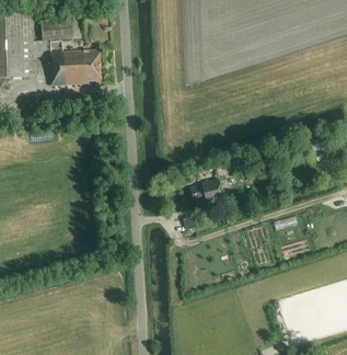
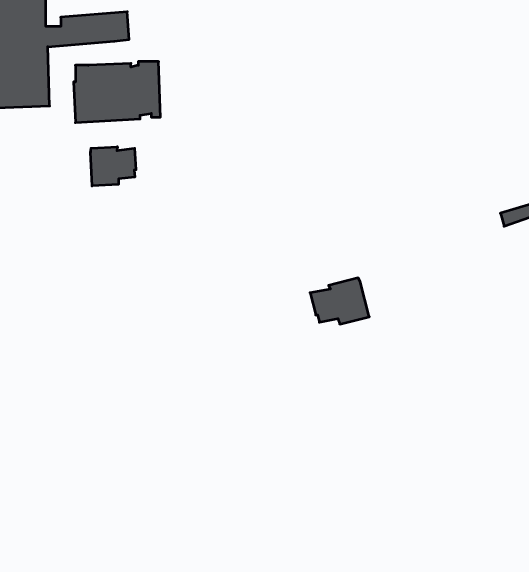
building: none -> [91,147,136,186]

